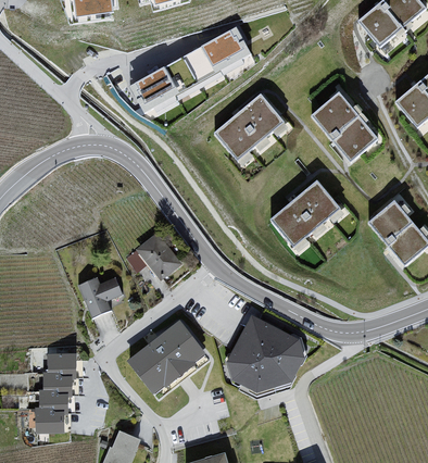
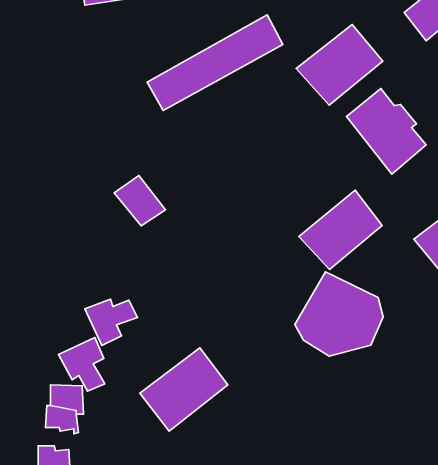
building: [212,96,289,167] -> [296,24,383,105]
building: [136,234,181,278] -> [114,176,166,226]
building: none -> [58,337,105,391]
building: [225,315,303,390] -> [295,272,383,356]
building: [39,389,67,411] -> none

